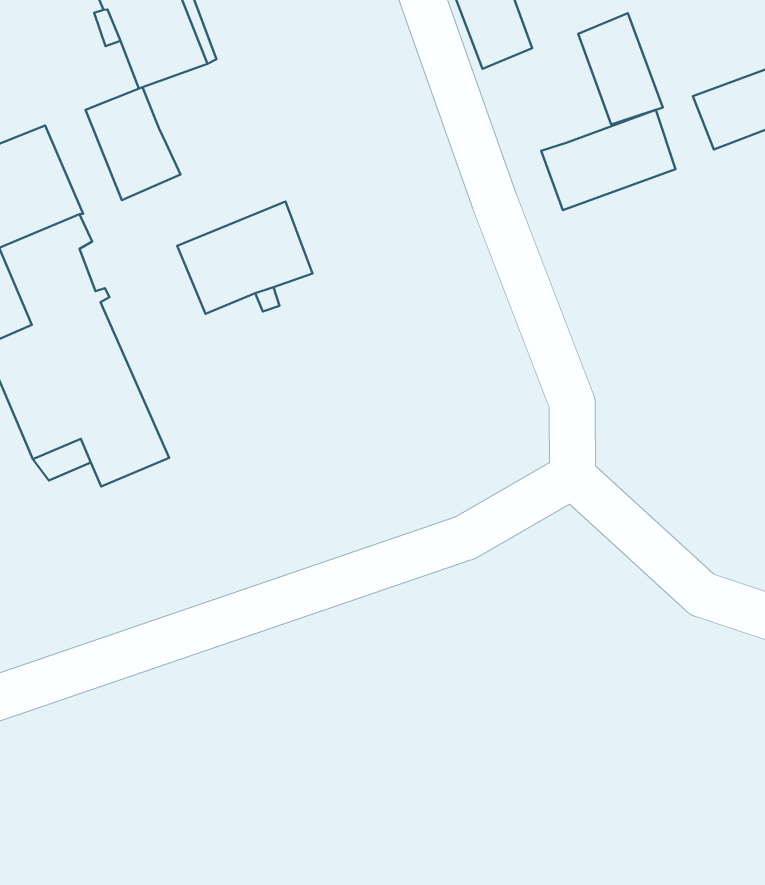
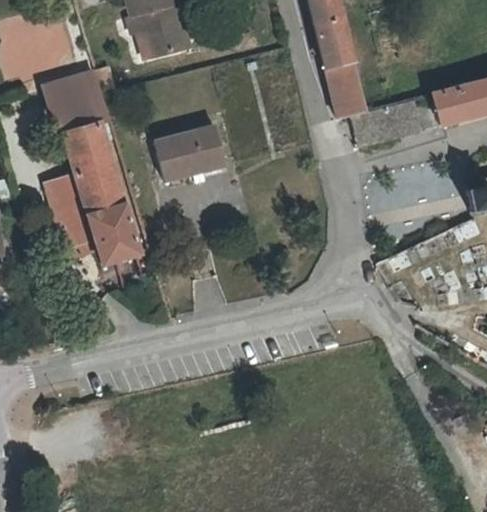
building: [578,13,663,125] -> [325,59,365,116]
building: [85,87,181,200] -> none

